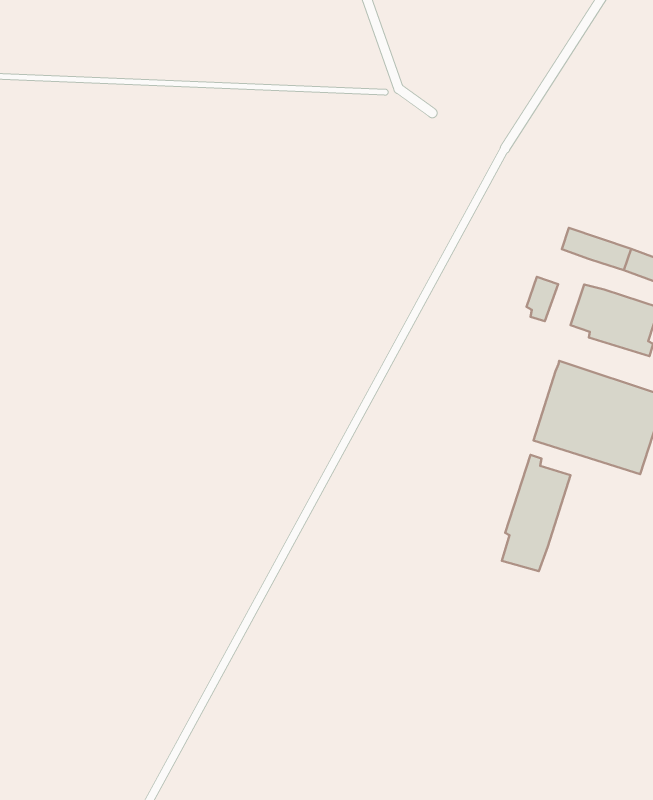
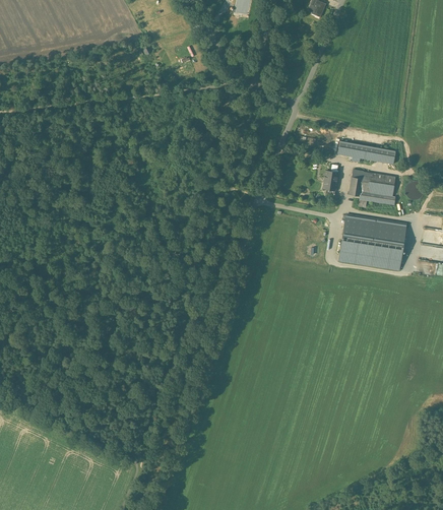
building: [502,455,570,571] -> none

